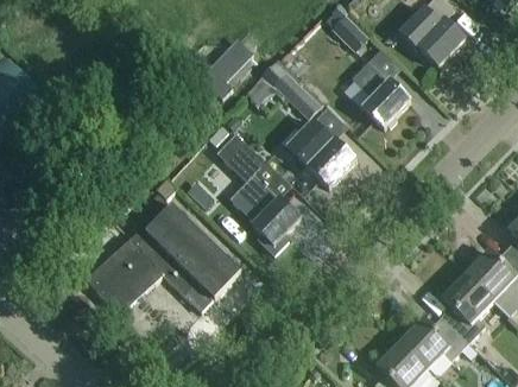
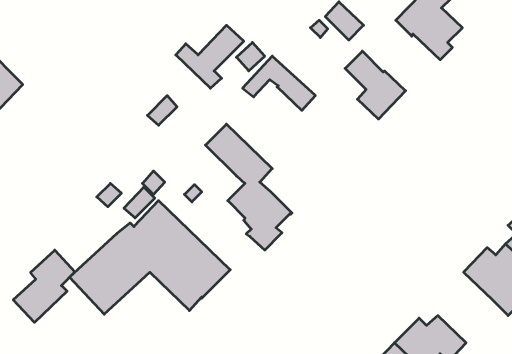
building: [288,121,356,188] -> none
building: none -> [13,250,75,322]
building: [441,274,493,342] -> none

